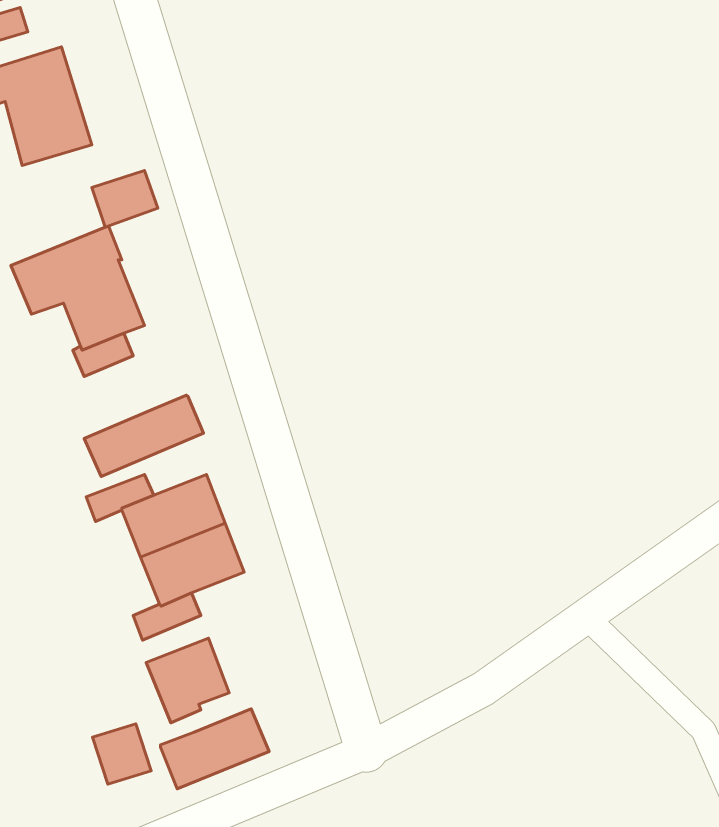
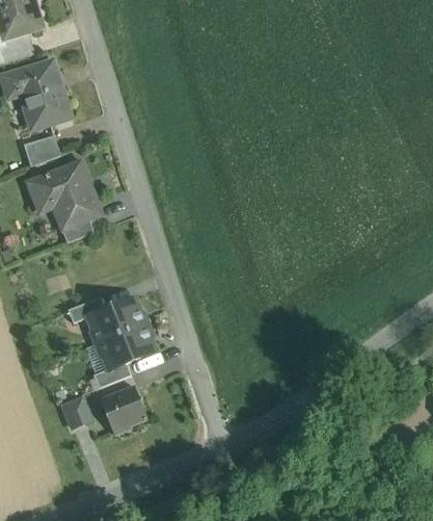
building: [92,171,158,227] -> [24,133,60,164]
building: [84,395,204,477] -> none
building: [160,709,269,789] -> none
building: [93,724,151,784] -> [60,393,92,426]

